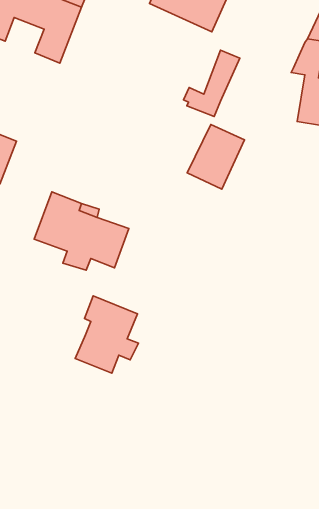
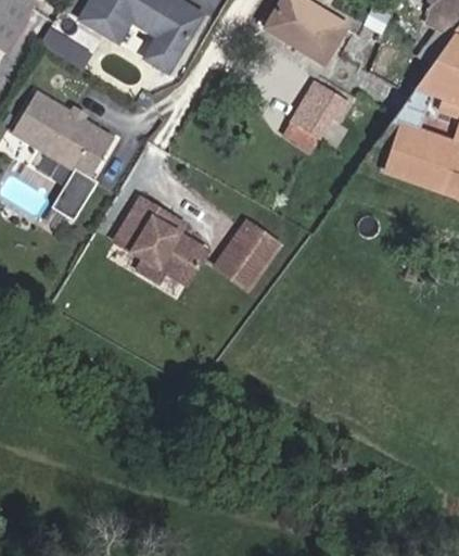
building: [187,125,245,189] -> [217,220,279,286]
building: [75,296,138,373] -> none

